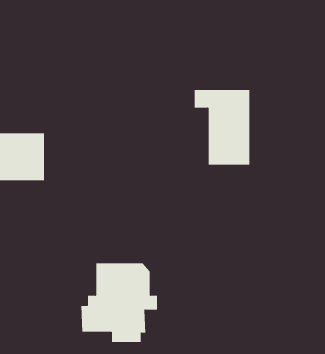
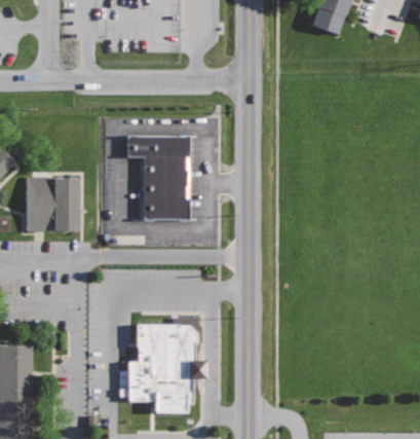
building: [194,90,250,165] -> [127,136,190,220]

